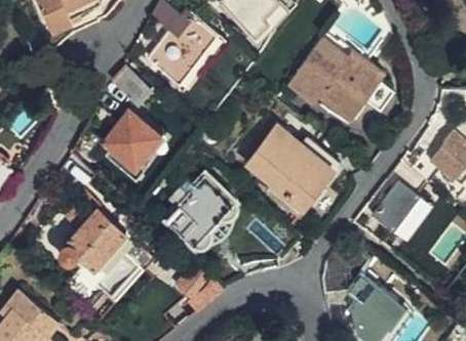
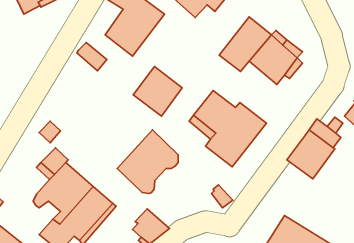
building: [103,109,161,168] -> [133,67,182,116]

